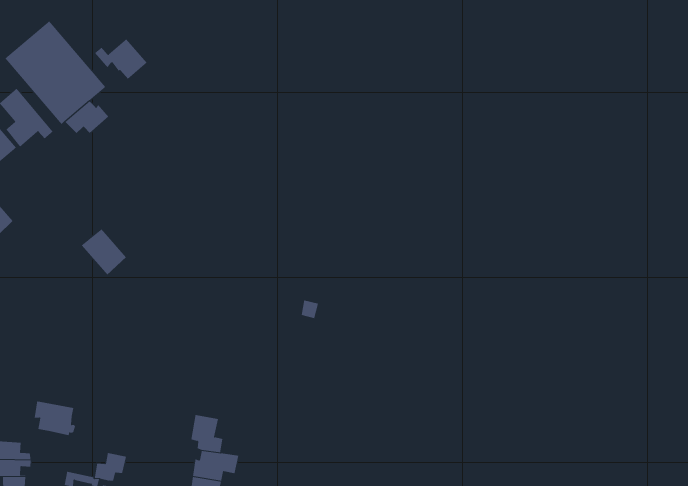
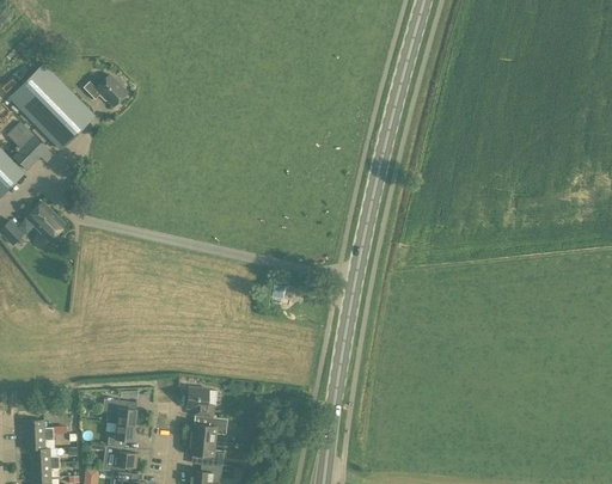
building: [65,101,109,134] -> none
building: [81,228,127,276] -> [26,201,66,240]
building: [34,401,76,436] -> [103,398,139,425]

